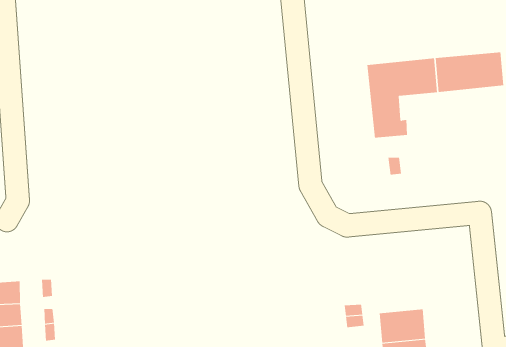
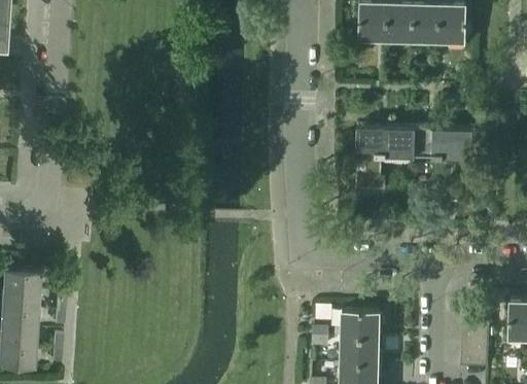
building: none -> [341,312,380,340]

